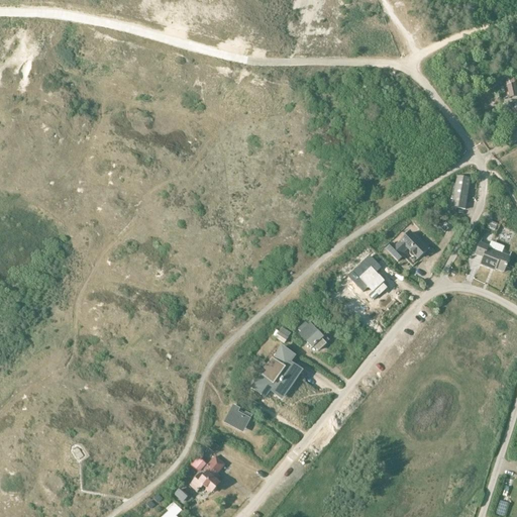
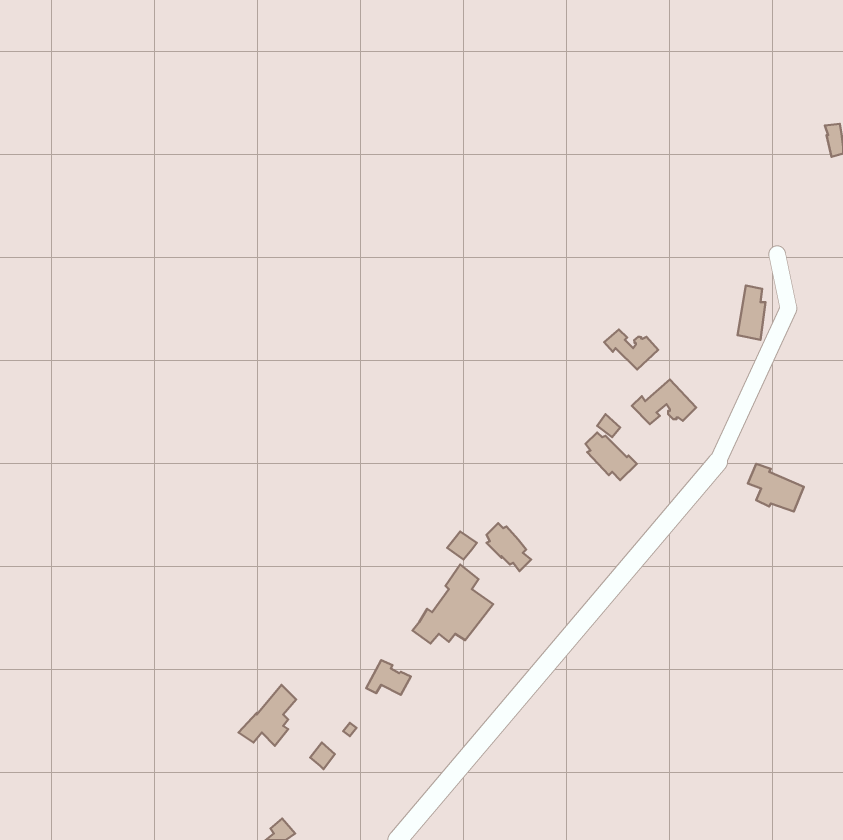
building: none -> [604,329,658,370]
building: [476,241,510,271] -> [748,464,804,512]
building: [189,454,224,492] -> [239,685,296,746]

